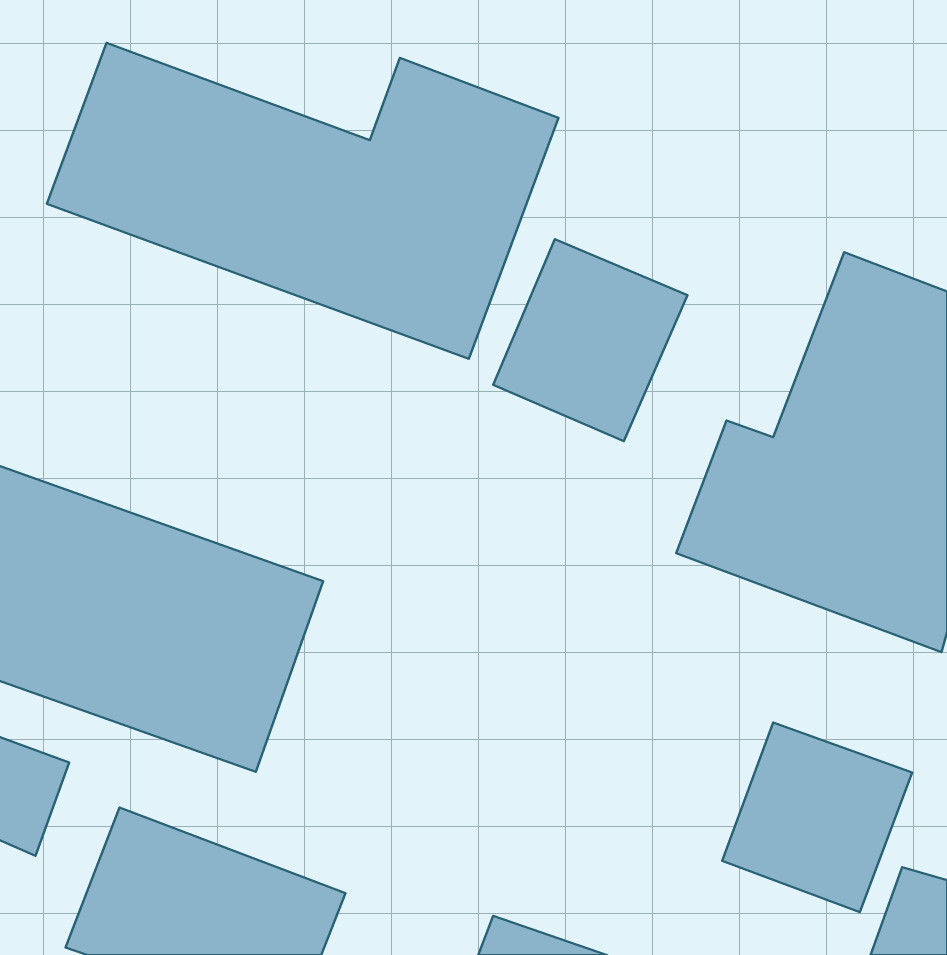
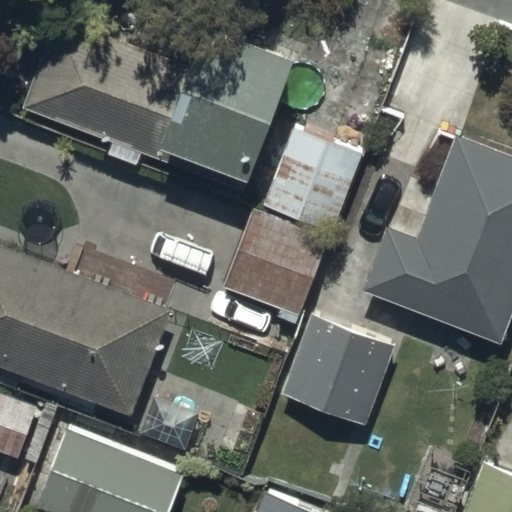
building: none -> [222,216,327,317]
building: none -> [278,314,398,425]
building: [722,722,912,912] -> none

